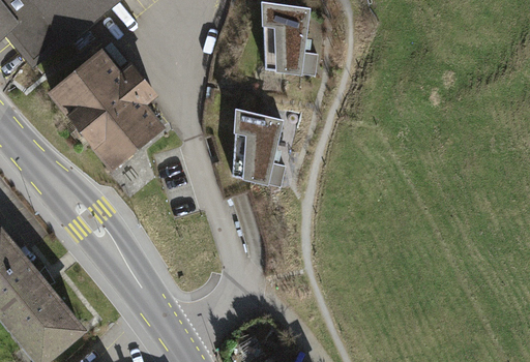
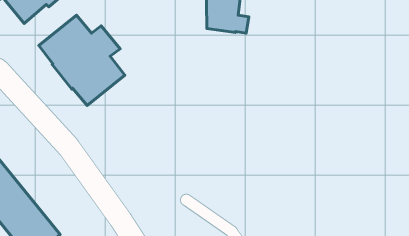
building: [233,110,285,185] -> none

